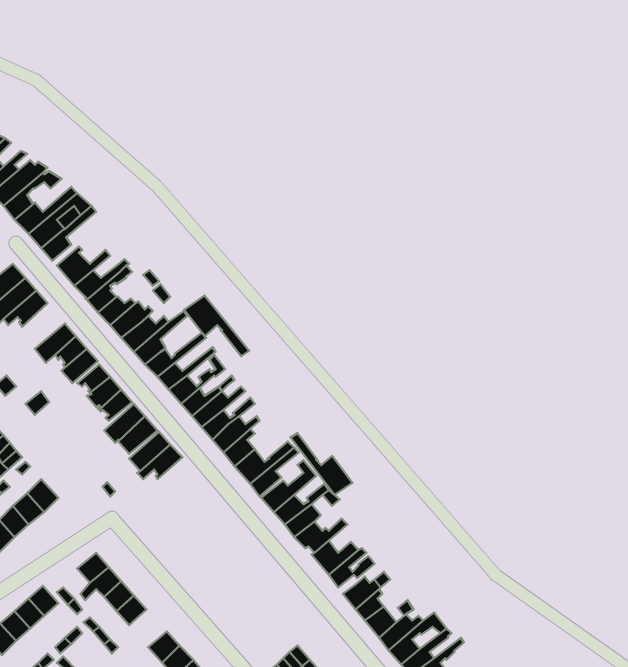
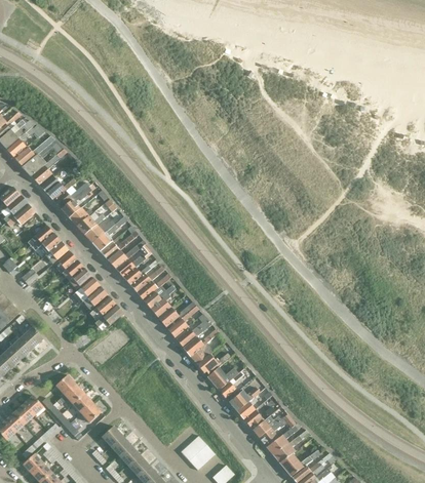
building: [184,295,249,356] -> none
building: [290,433,353,495] -> none

